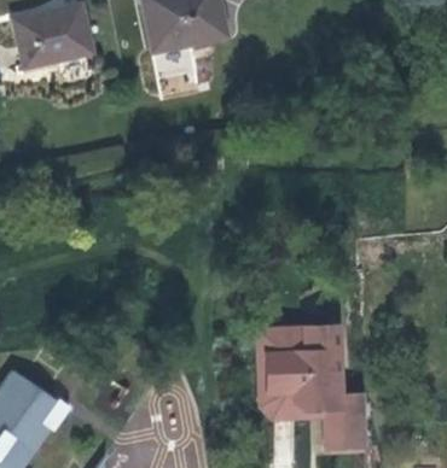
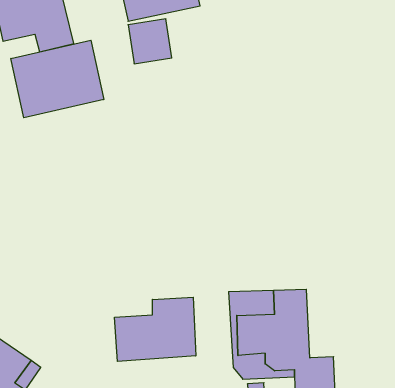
building: none -> [11,40,104,118]
building: none -> [115,297,196,361]

